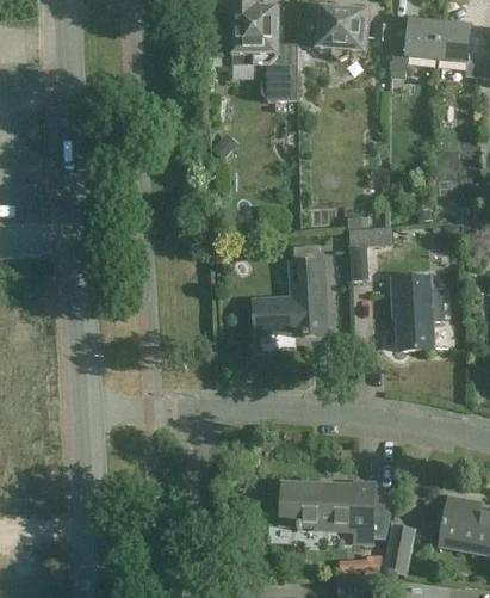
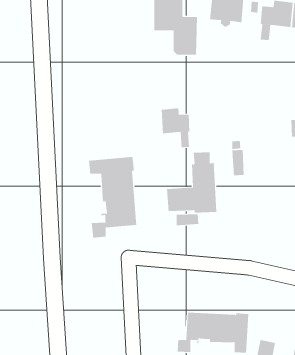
building: none -> [161,108,190,148]
building: none -> [88,156,137,239]
building: [392,273,435,350] -> none

